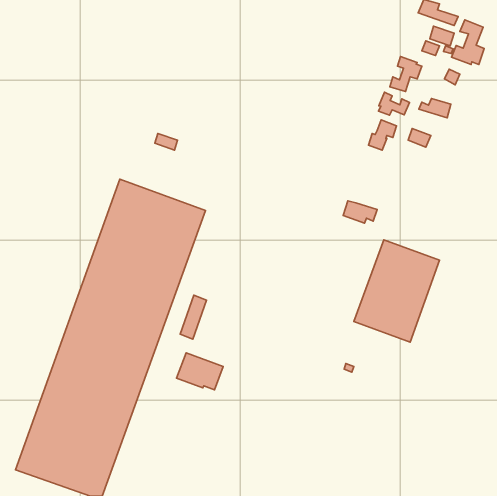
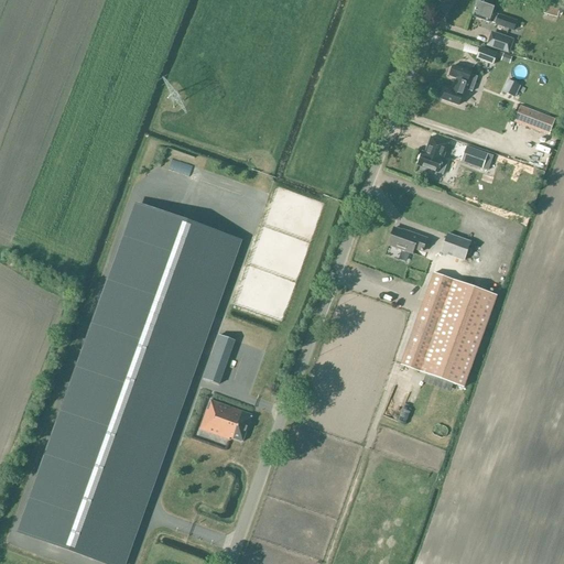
building: [451,20,484,64] -> none
building: [379,92,410,115] -> none
building: [419,98,451,118] -> [519,110,555,132]
building: none -> [442,232,471,259]

